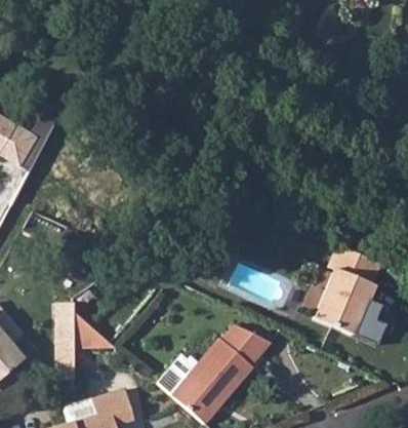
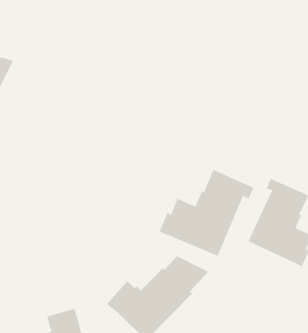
building: none -> [159,169,255,257]
building: [54,300,115,379] -> none

